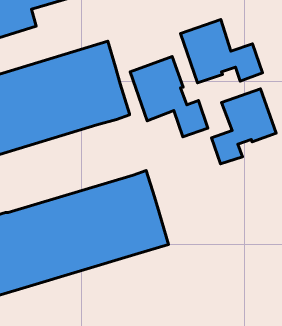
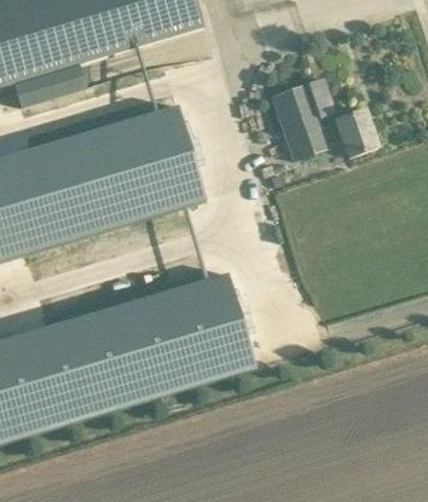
building: [130,57,208,137] -> none
building: [211,89,276,164] -> none

